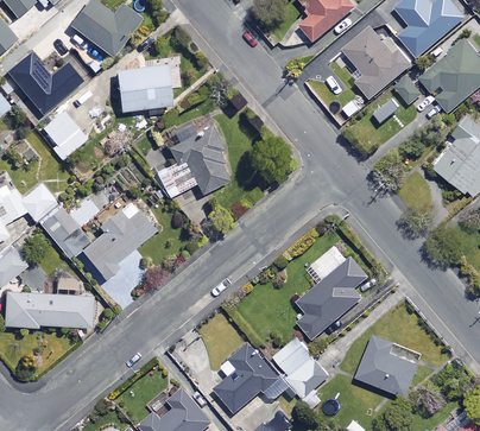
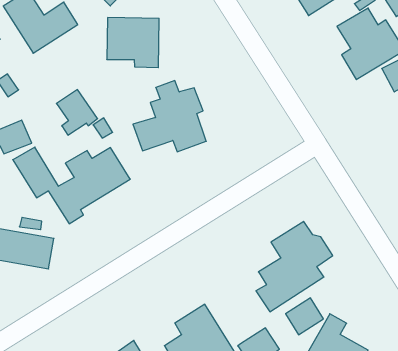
building: [43,112,86,158] -> [56,90,98,135]
building: [273,337,311,375] -> [286,298,323,335]

